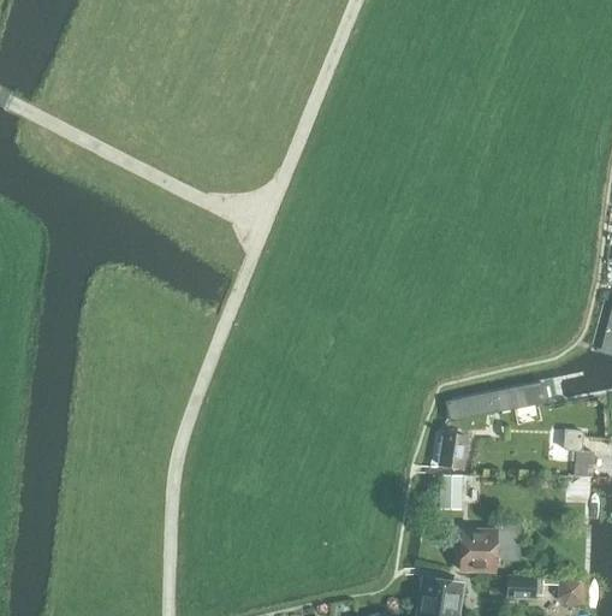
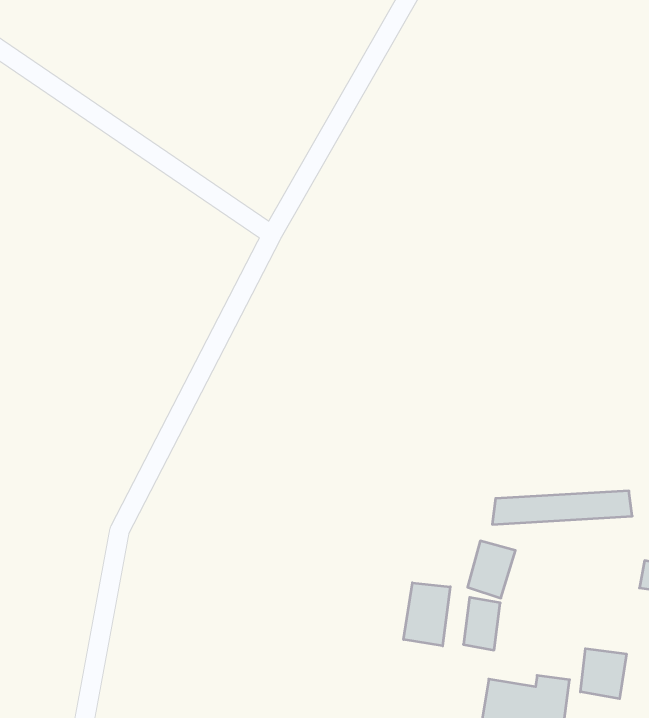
building: none -> [404,583,450,646]
building: none -> [580,649,626,699]

